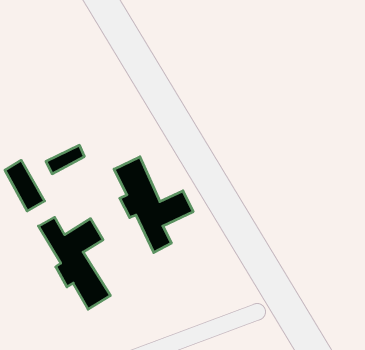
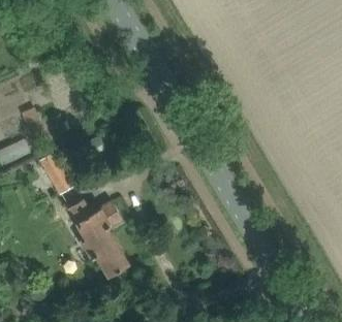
building: [114,157,193,253] -> none

